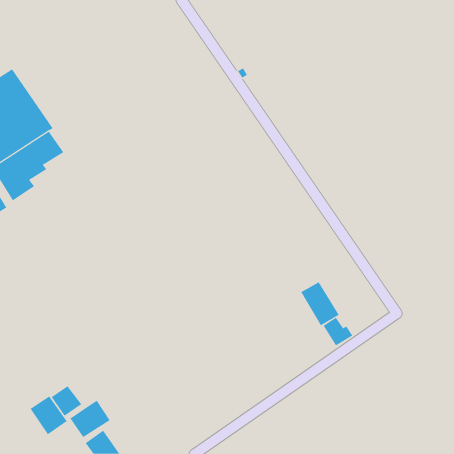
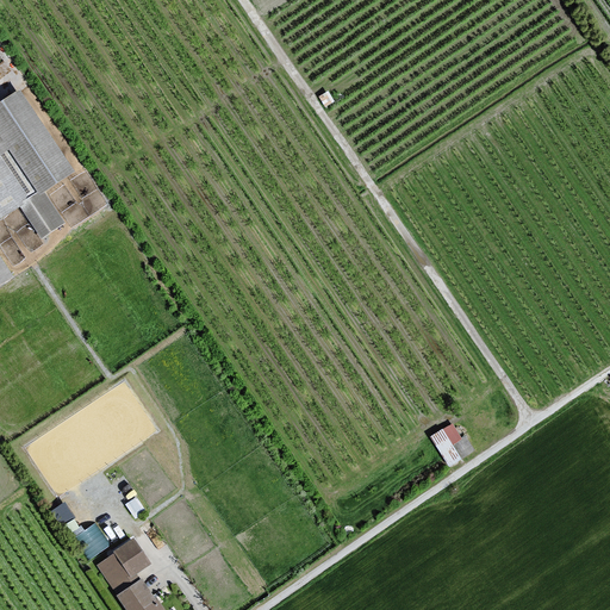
building: [300,281,339,326] -> none
building: [30,396,68,435] -> none

